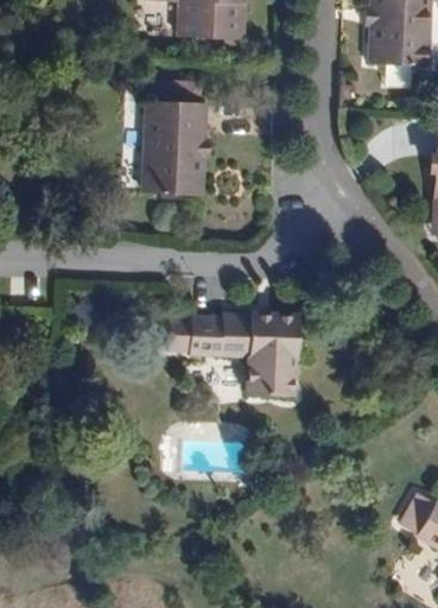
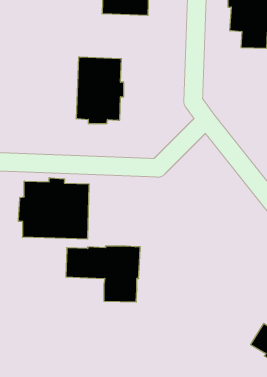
building: none -> [18,178,89,239]
building: [192,312,301,394] -> [66,246,140,302]

